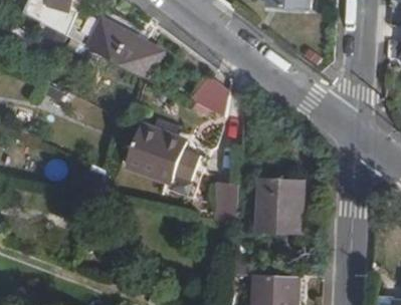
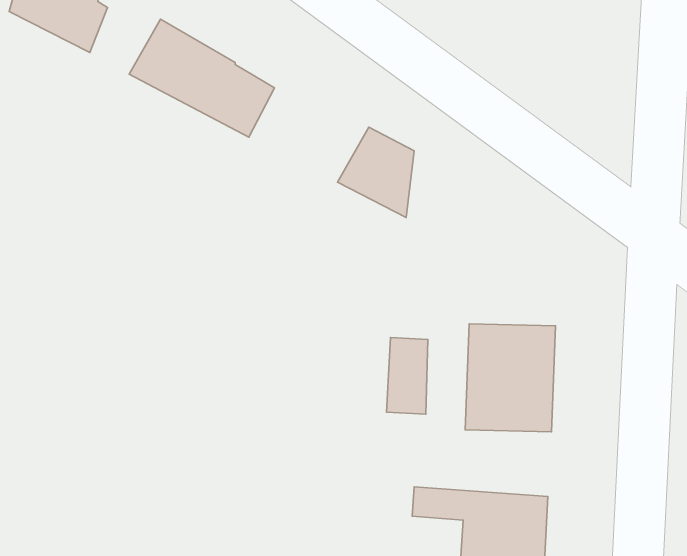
building: [124,130,207,205] -> none

